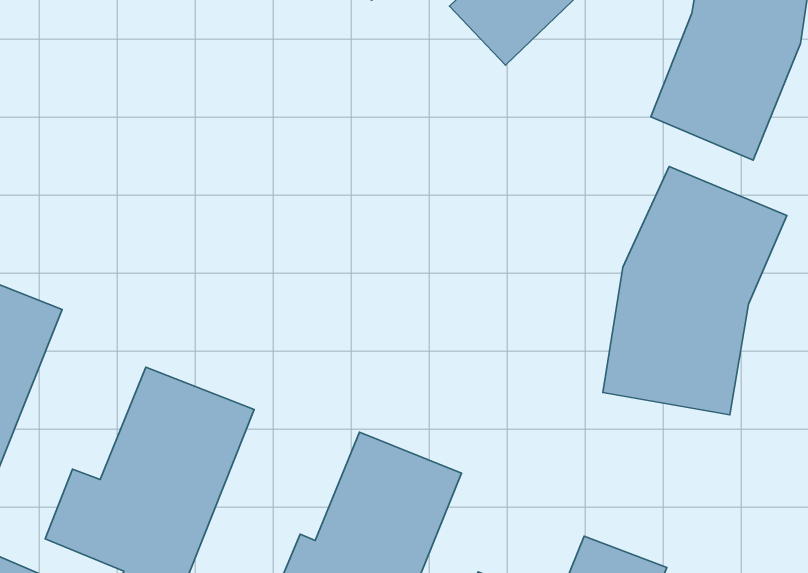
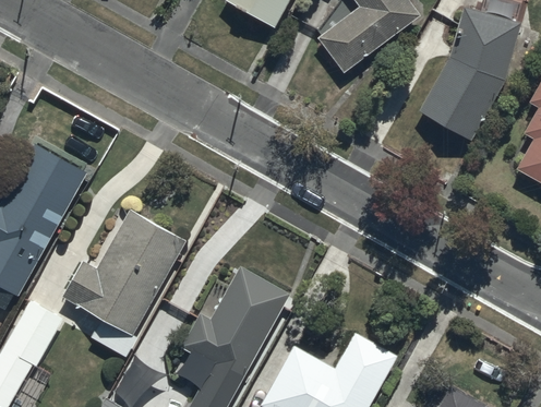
building: [603,167,787,415] -> none

